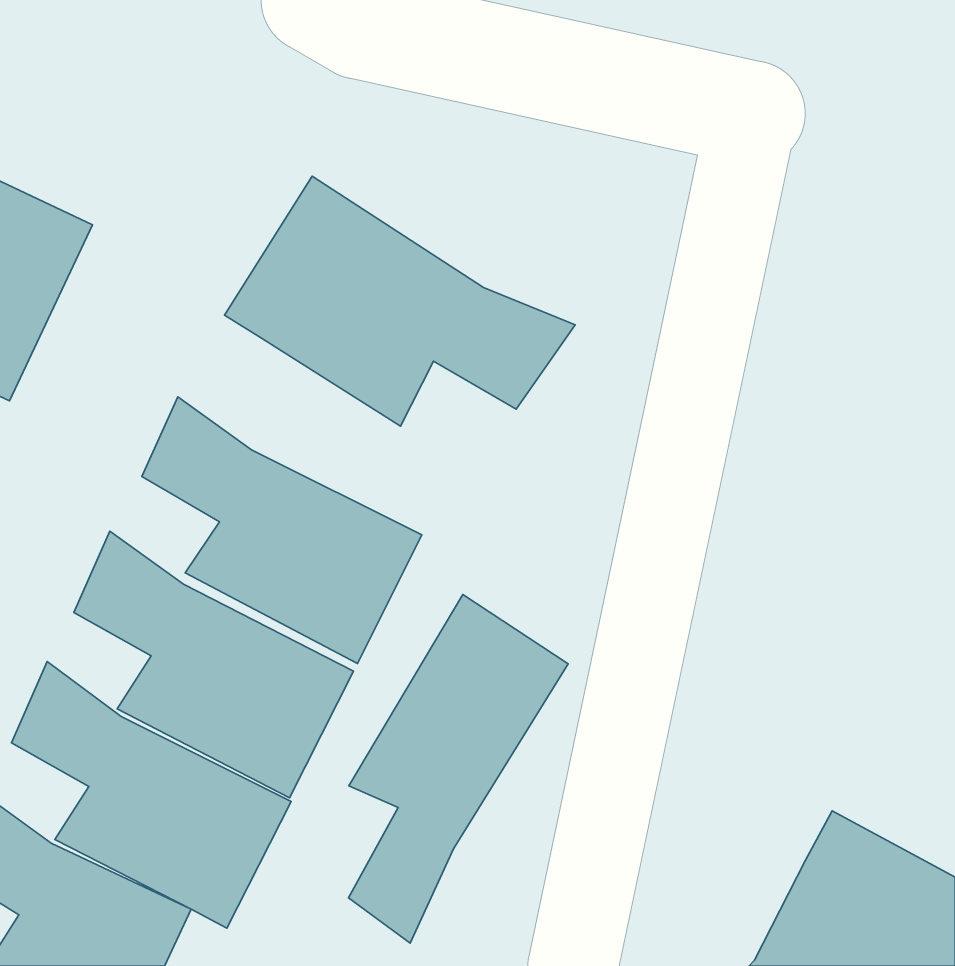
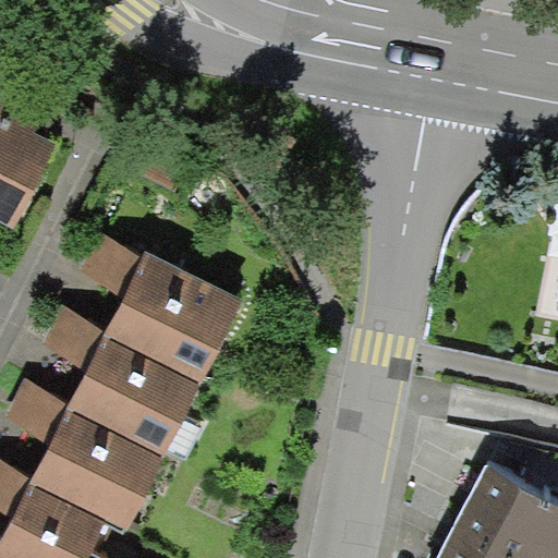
building: [224,176,575,426] -> none
building: [348,594,568,943] -> none

